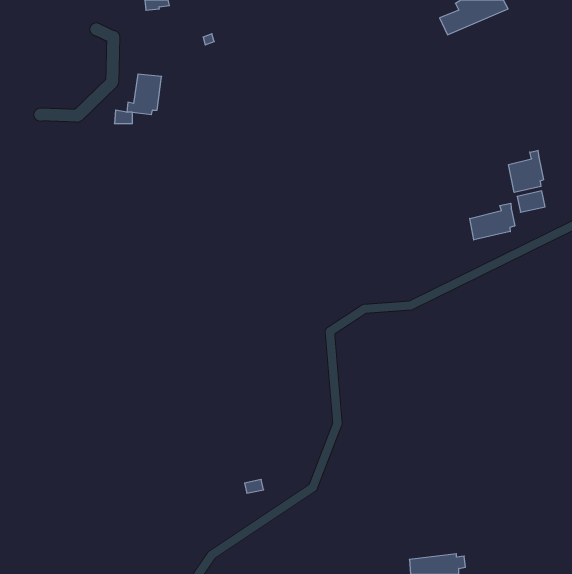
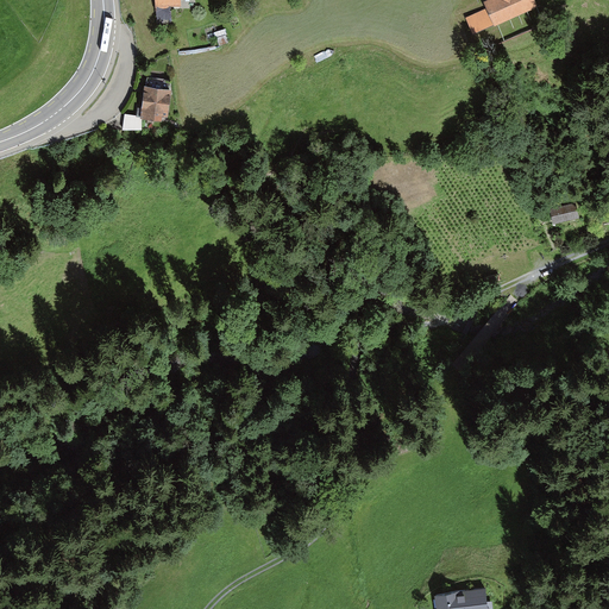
building: [509,150,544,192] -> none
building: [470,203,515,240] -> none

